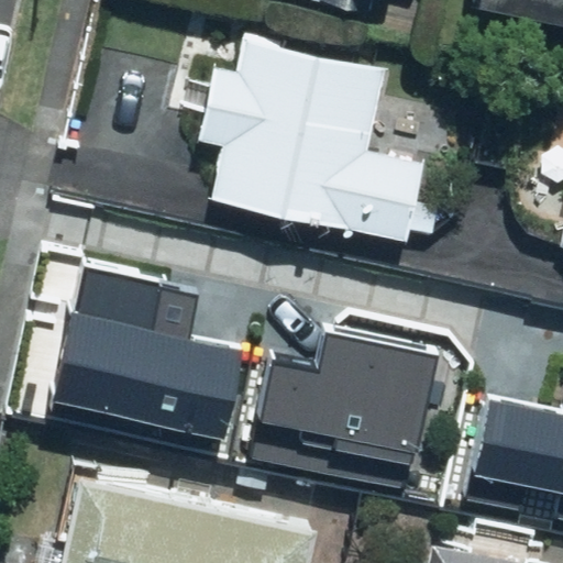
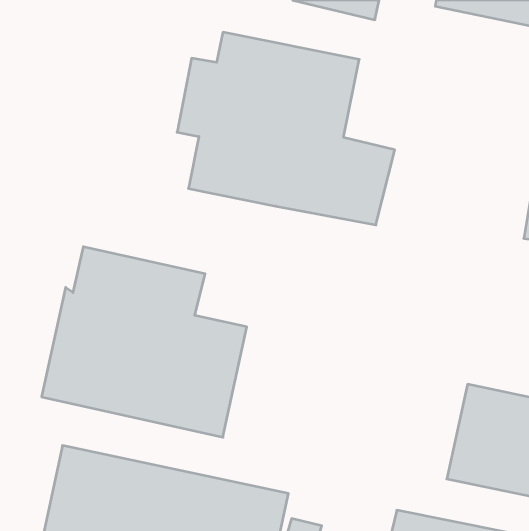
building: [258,332,449,497] -> none

